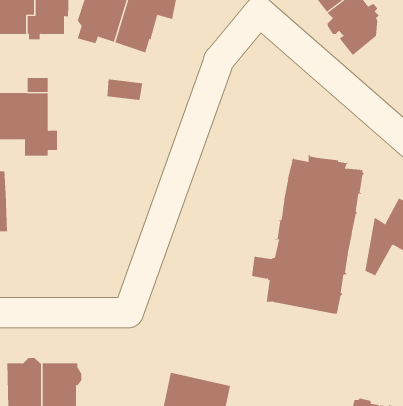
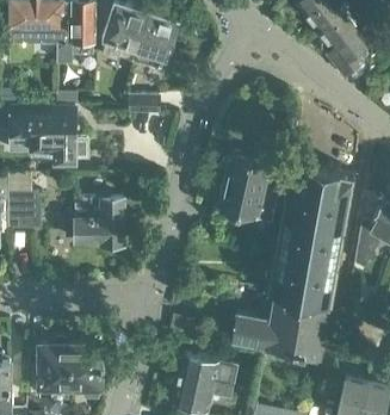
building: none -> [217,154,284,219]
building: none -> [66,200,124,256]
building: none -> [231,292,329,370]

